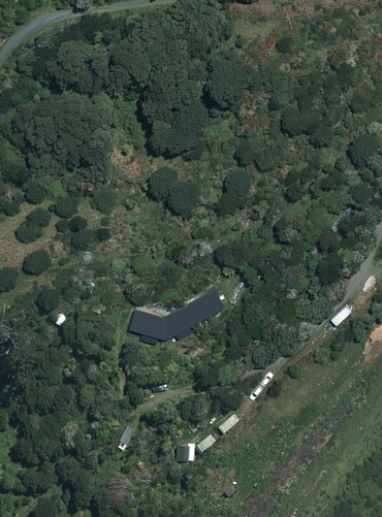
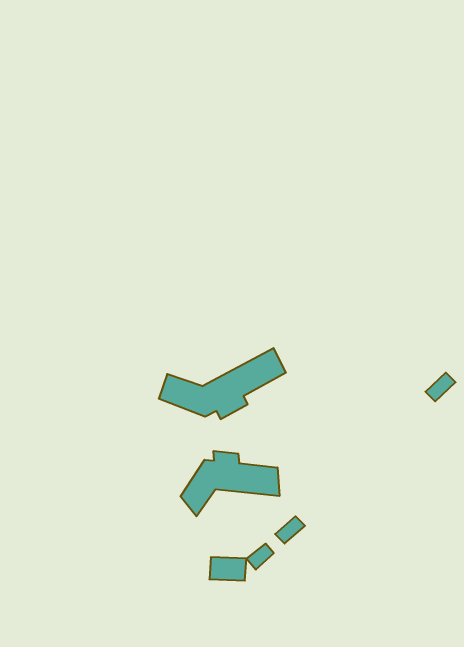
building: none -> [181,451,279,516]

